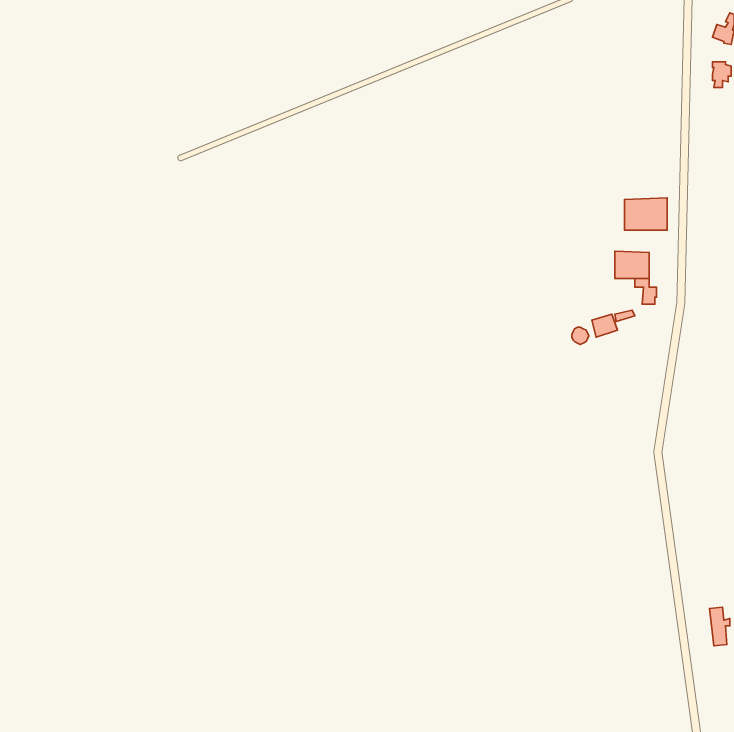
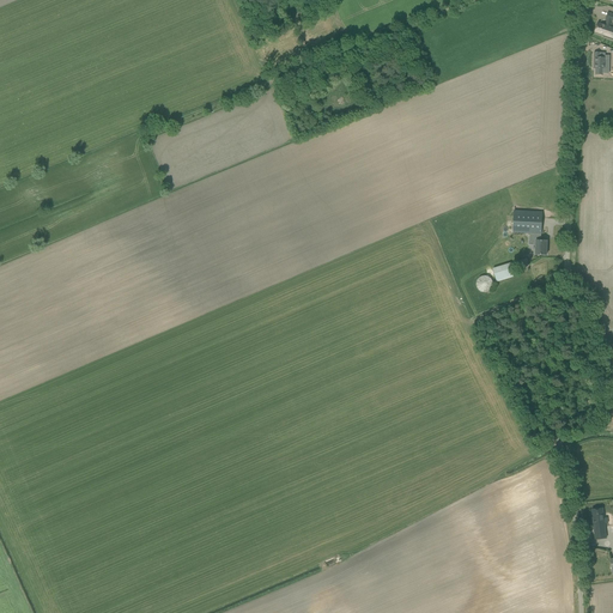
building: [624,198,667,230] -> none

